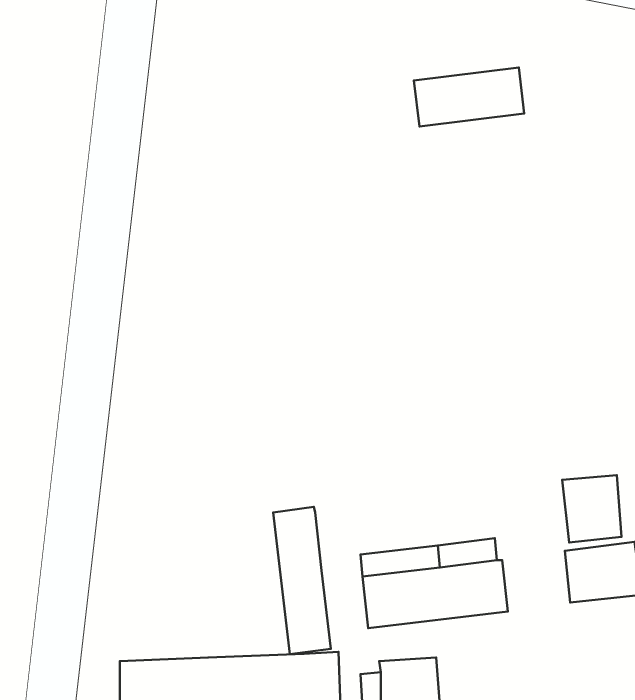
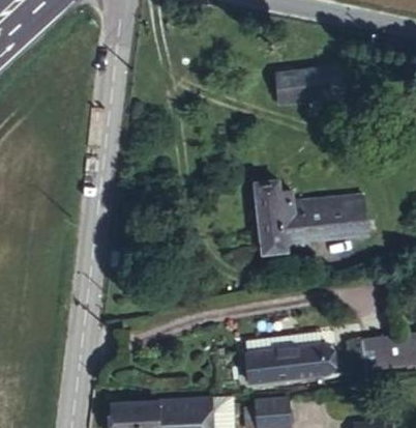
building: none -> [254,179,366,255]
building: [562,475,622,543] -> none
building: [273,507,331,654] -> none

